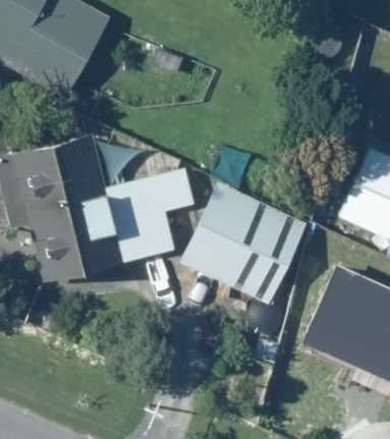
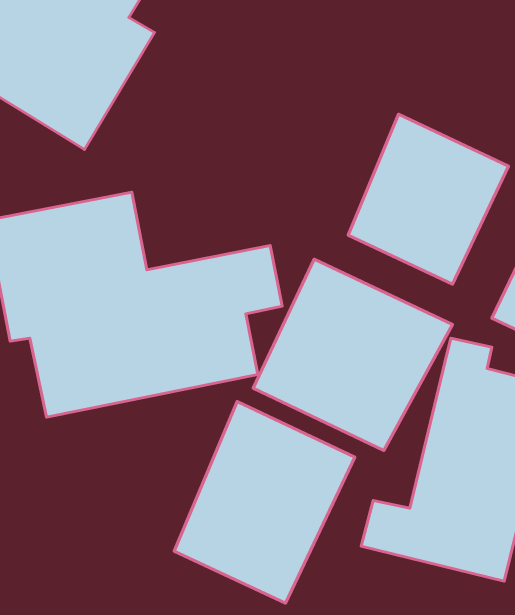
building: none -> [348,114,509,284]
building: none -> [174,402,355,603]

